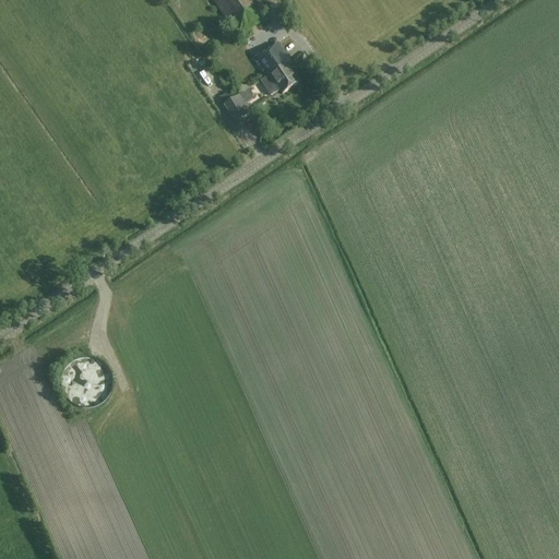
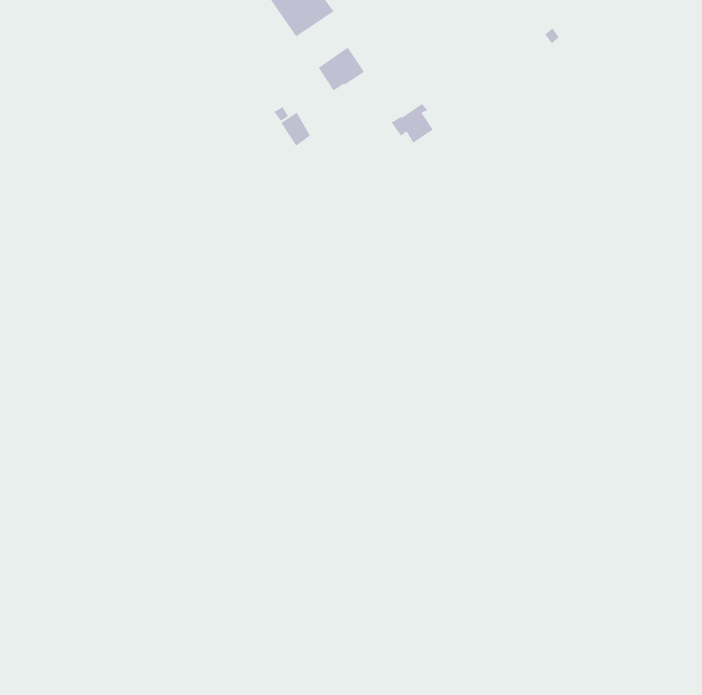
building: [263,57,297,88] -> [391,103,434,143]

